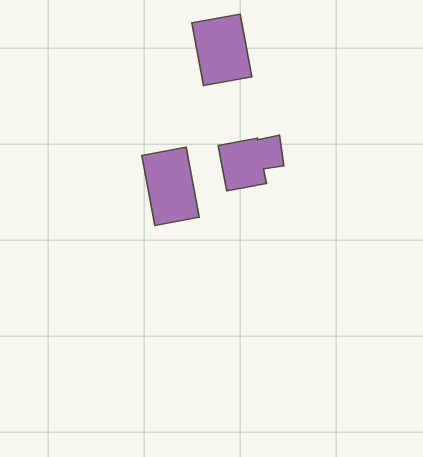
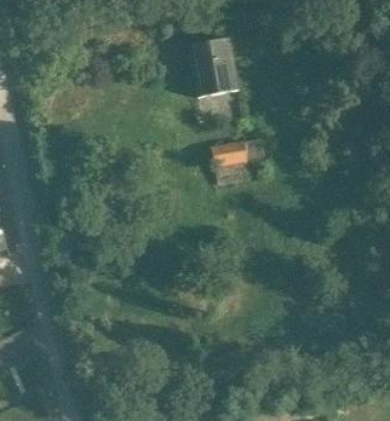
building: [142,147,199,226] -> none

